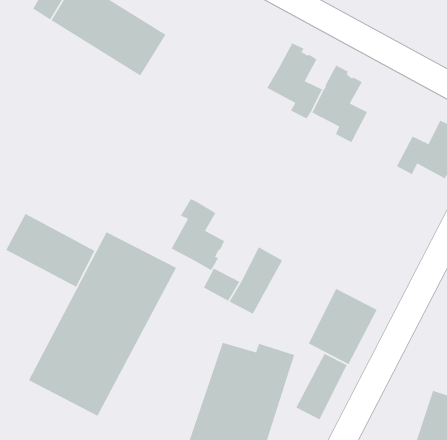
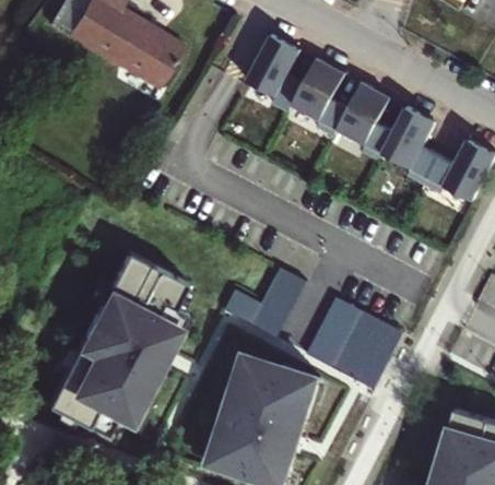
building: none -> [243,34,302,113]
building: none -> [379,105,437,185]
building: [170,198,225,271] -> none
building: [5,213,96,288] -> none
building: [295,353,348,421] -> [306,296,360,365]

